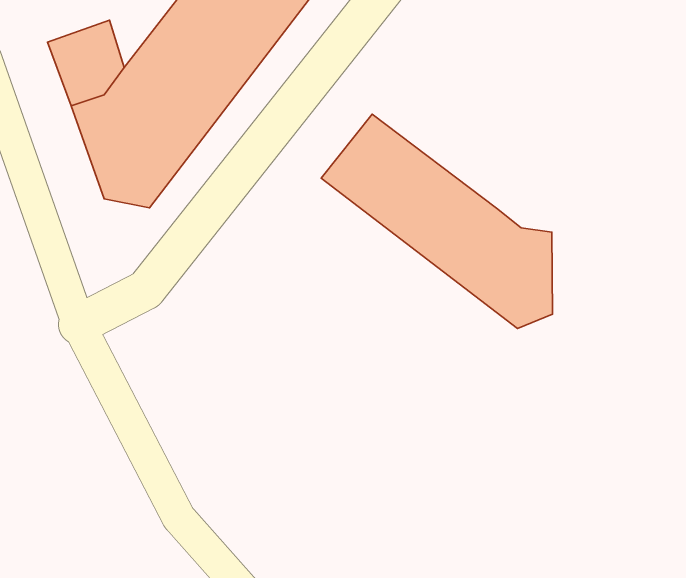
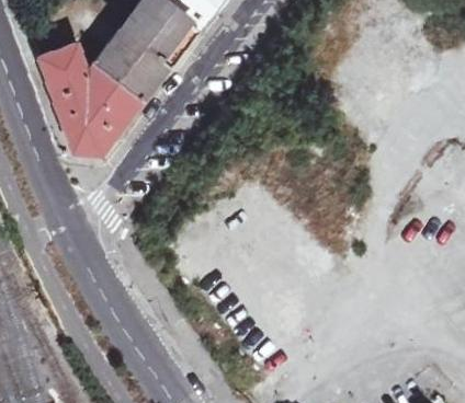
building: [321,114,553,329] -> none

